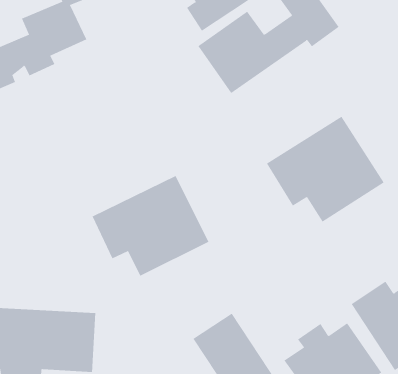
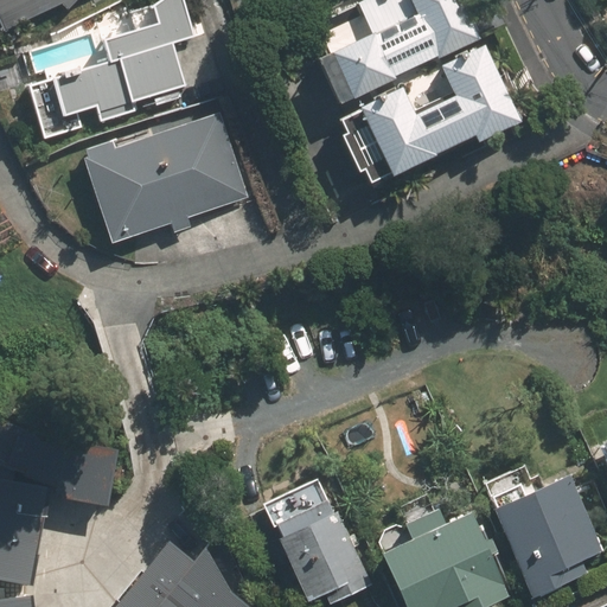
building: none -> [81,107,250,248]
building: [266,116,384,222] -> none
building: [92,175,209,277] -> none

